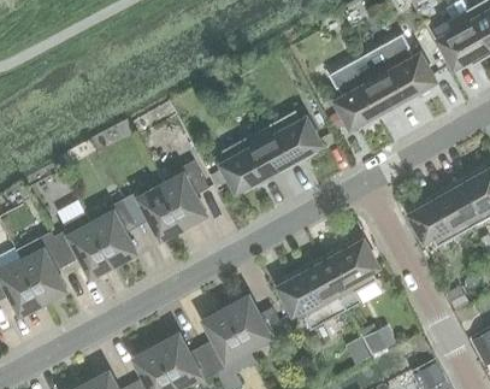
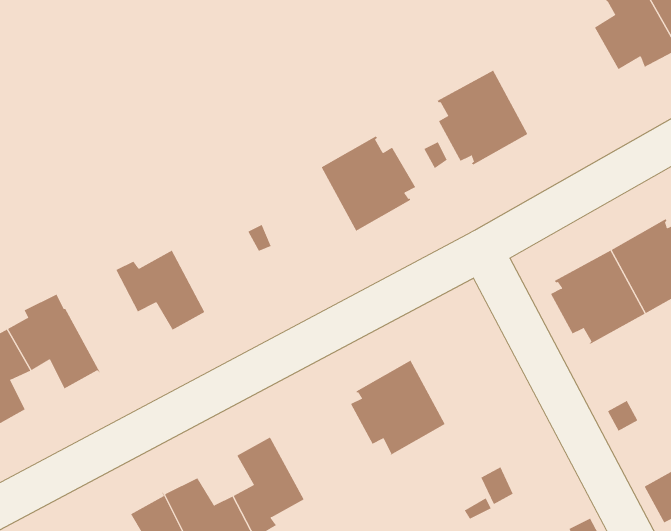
building: [372,47,435,110] -> none
building: [222,131,282,193] -> none
building: [161,161,208,229] -> none
building: [91,199,138,266] -> none
building: [318,238,378,300] -> none
building: [225,296,287,349] -> none

